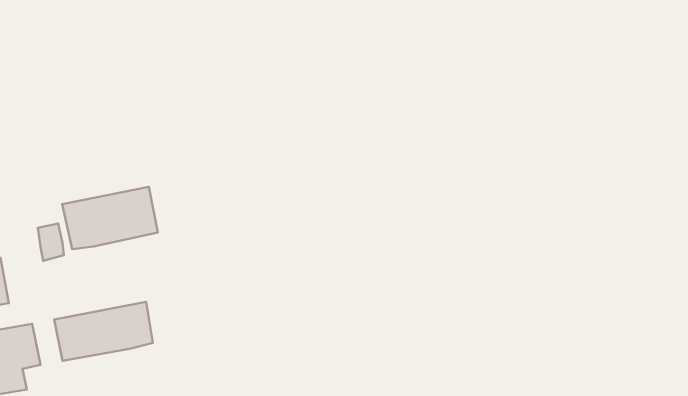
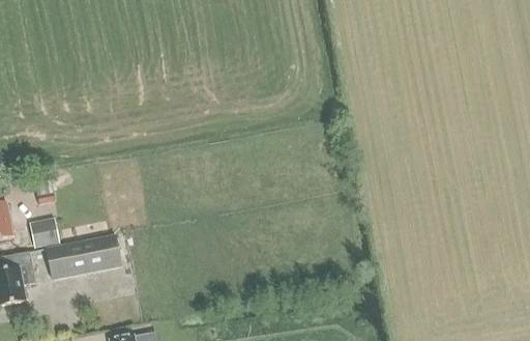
building: [62,187,158,249] -> none
building: none -> [28,217,58,246]

